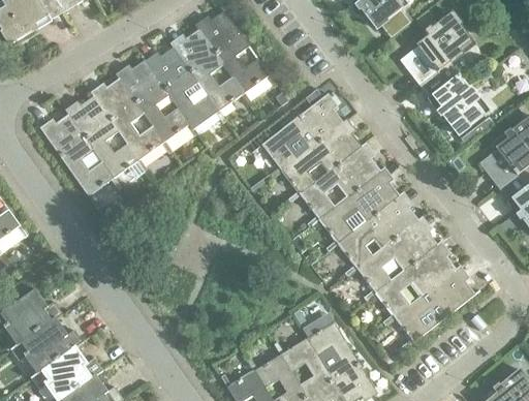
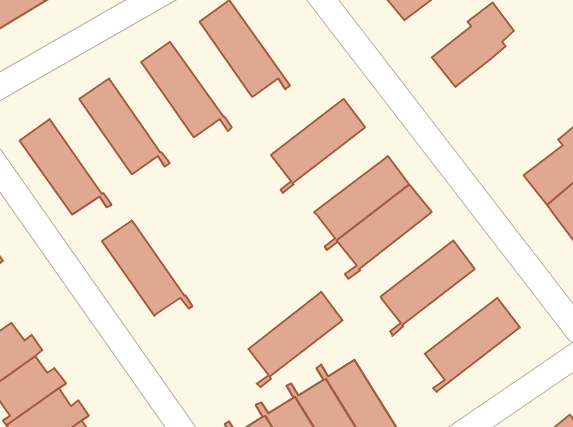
building: [173,27,252,110] -> none
building: [120,58,197,141] -> none
building: [421,59,485,132] -> none
building: [68,94,147,177] -> [102,220,192,316]
building: [279,119,362,201] -> none
building: [337,192,418,275] -> [248,292,343,387]
building: [374,242,457,323] -> none

